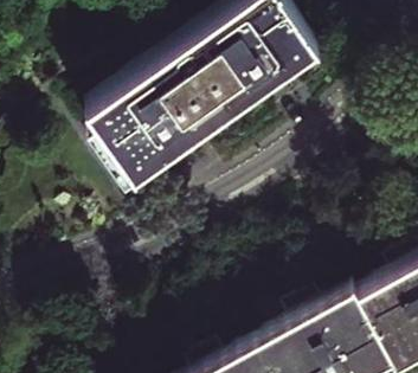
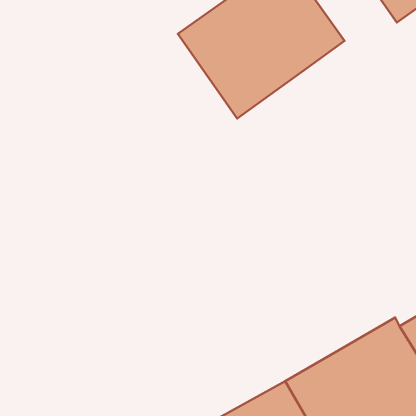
building: [90,37,231,173] -> none

